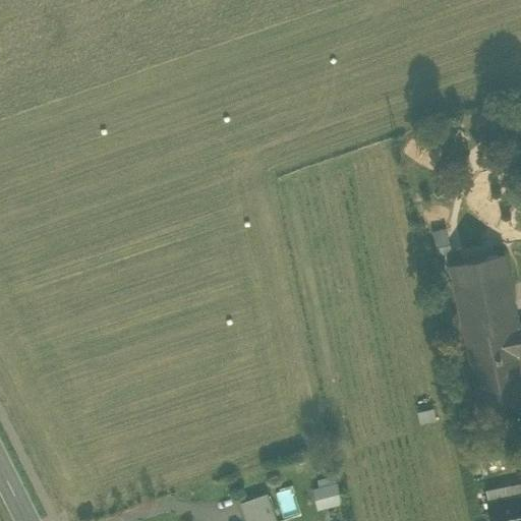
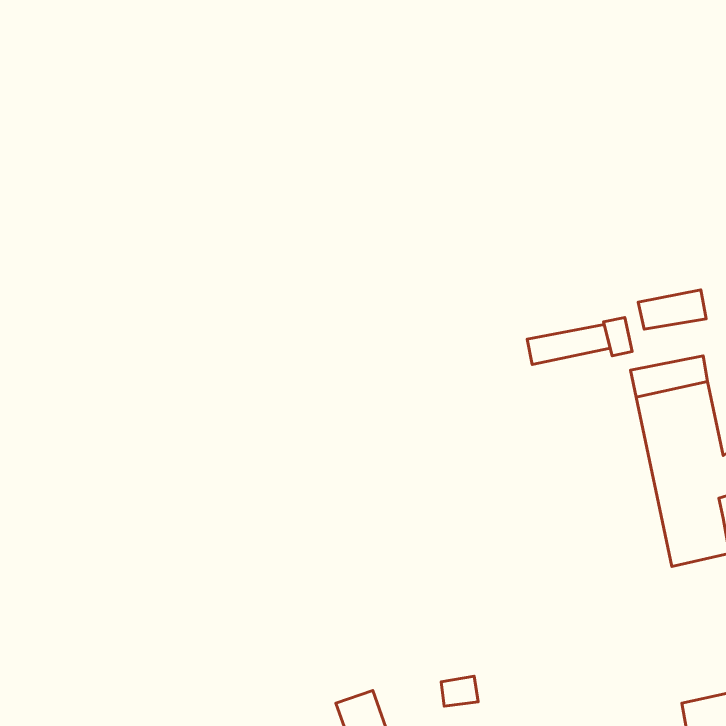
building: none -> [638,290,706,329]
building: none -> [527,325,610,364]

